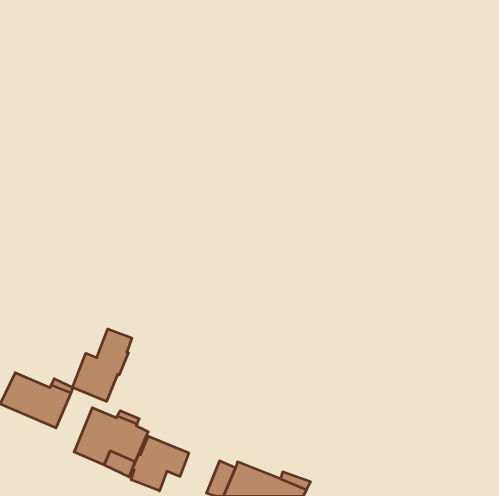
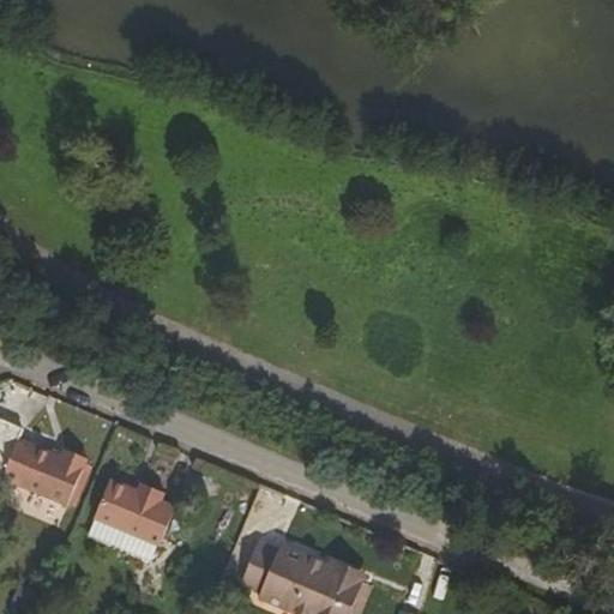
building: [72,329,132,401] -> none
building: [131,436,189,491] -> none

